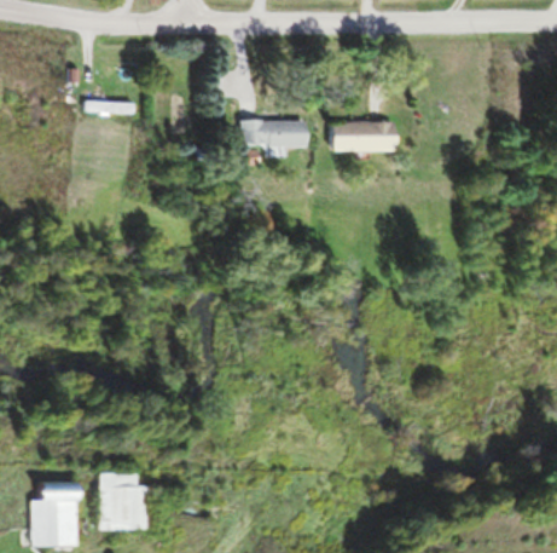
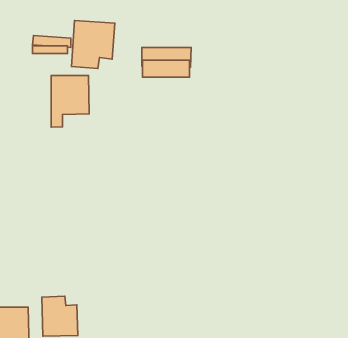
building: none -> [72,20,115,69]
building: [329,119,395,150] -> none
building: none -> [51,75,89,127]

